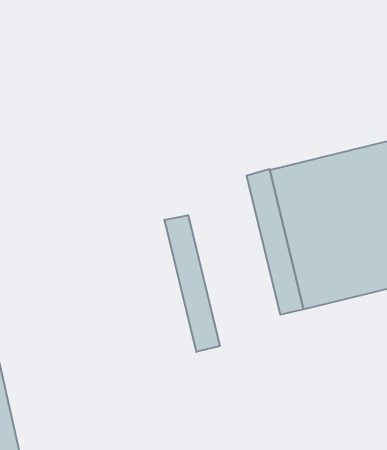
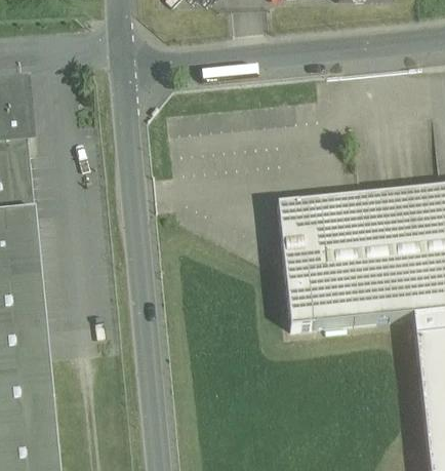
building: [164,215,220,352] -> none

